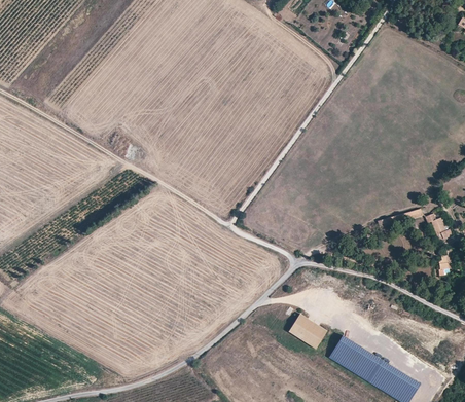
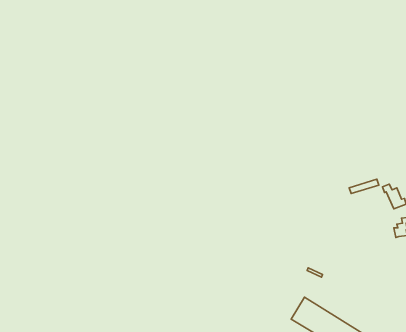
building: [287,312,326,349] -> none

